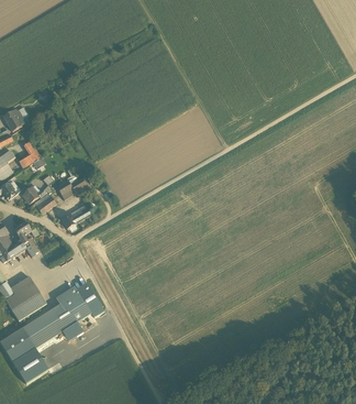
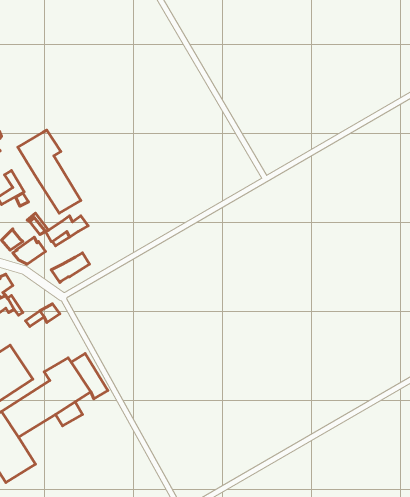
building: none -> [18,130,81,213]

